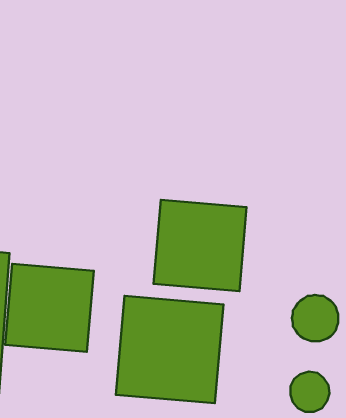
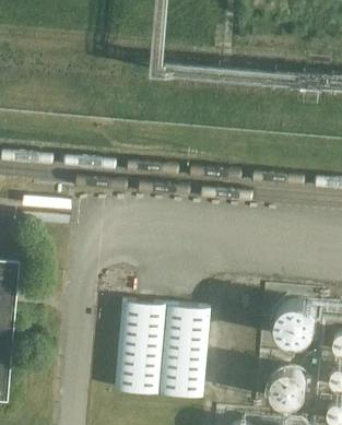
building: [154,200,247,291] -> none
building: [5,264,94,352] -> none

